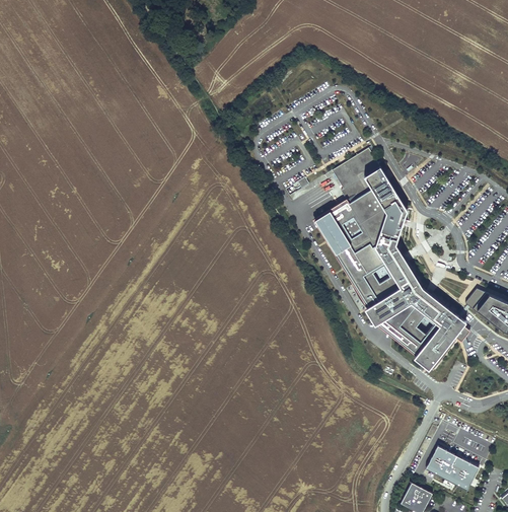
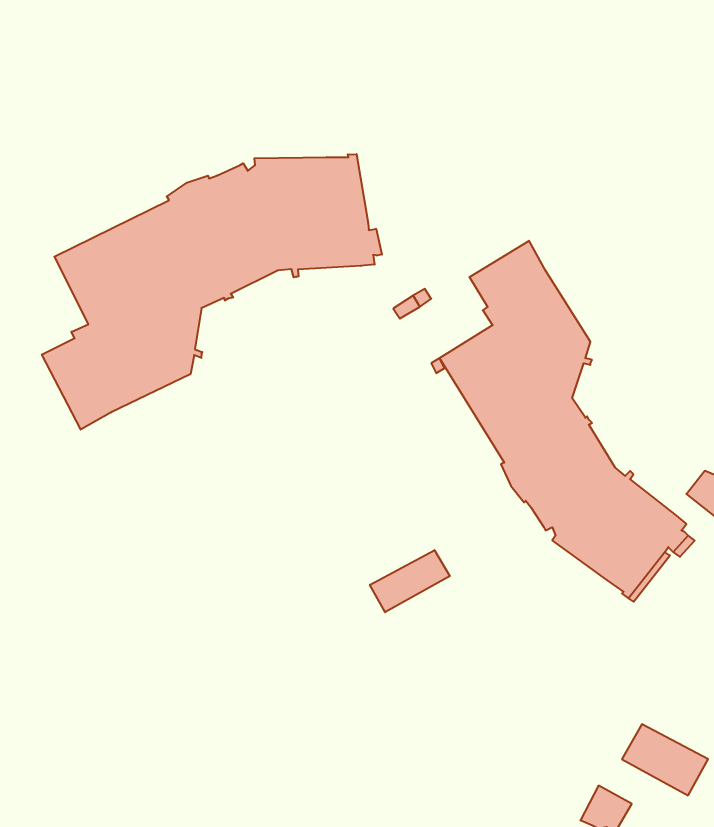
building: none -> [42,154,382,430]
building: none -> [370,550,450,612]

